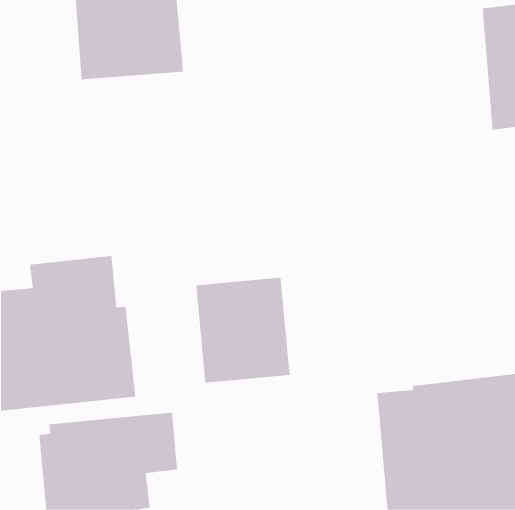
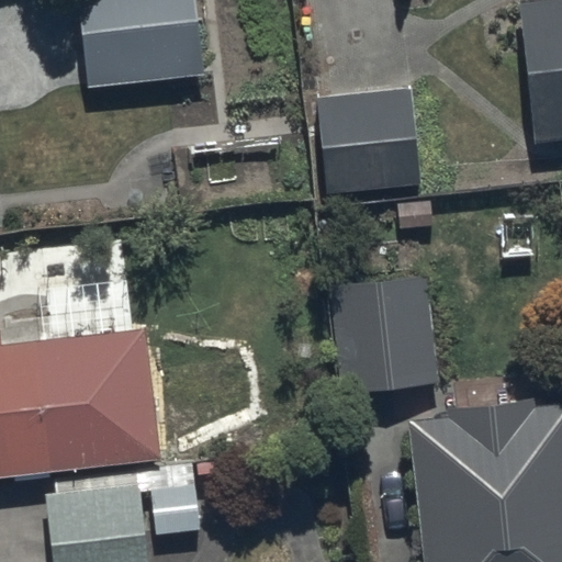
building: none -> [315,87,419,196]
building: [195,277,290,383] -> [334,282,437,397]

